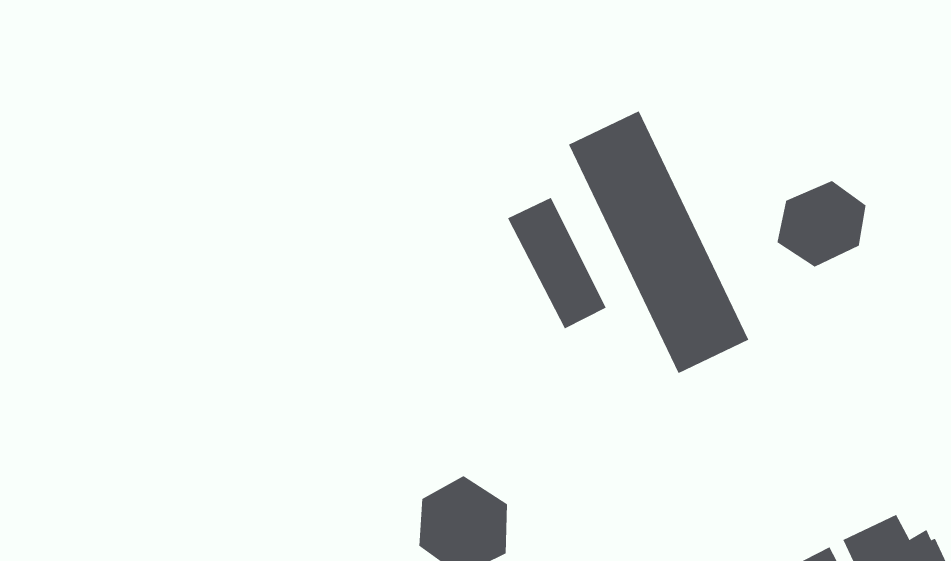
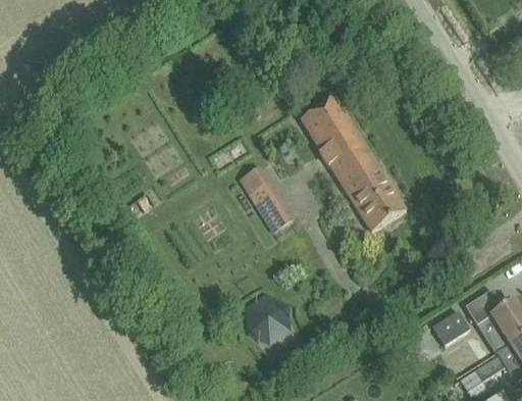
building: [777,180,866,268] -> none
building: [507,197,606,329] -> [238,165,294,233]

